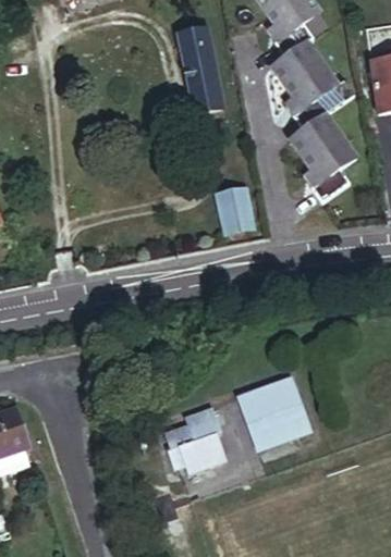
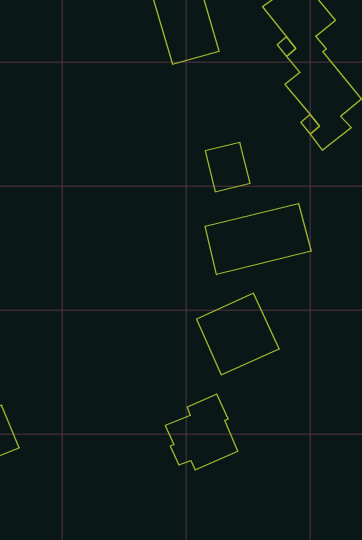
building: none -> [205,203,311,275]
building: [237,381,309,451] -> [197,293,279,375]

